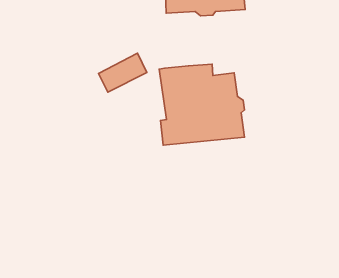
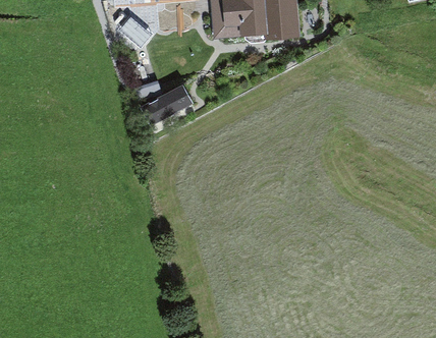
building: [159,64,244,145] -> none

